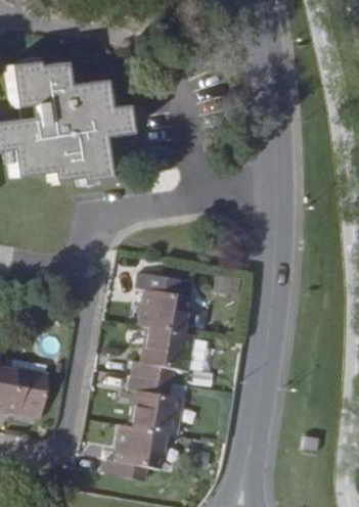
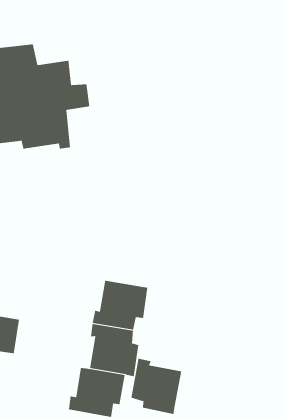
building: [134,274,195,335] -> none
building: none -> [131,358,182,415]

